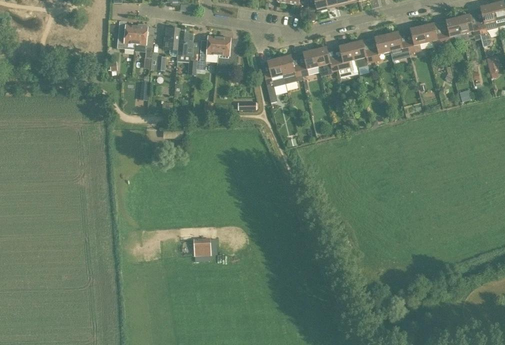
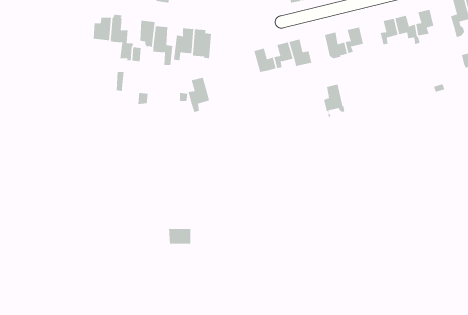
building: [457,13,481,39] -> none
building: [386,31,409,56] -> none
building: [335,42,357,76] -> [323,84,345,118]
building: [263,58,285,94] -> [188,77,210,113]

